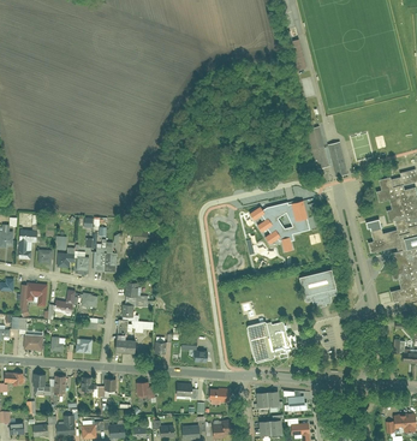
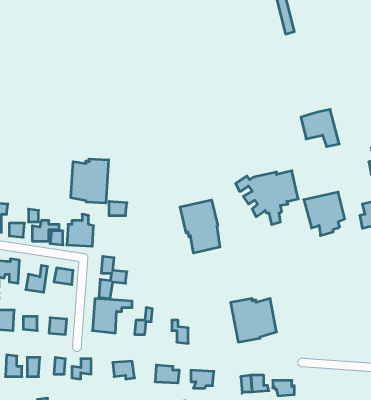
building: none -> [71,159,109,203]
building: none -> [180,200,220,253]
building: [299,269,338,310] -> [304,192,345,236]

